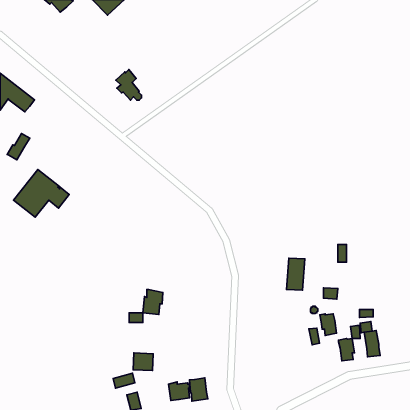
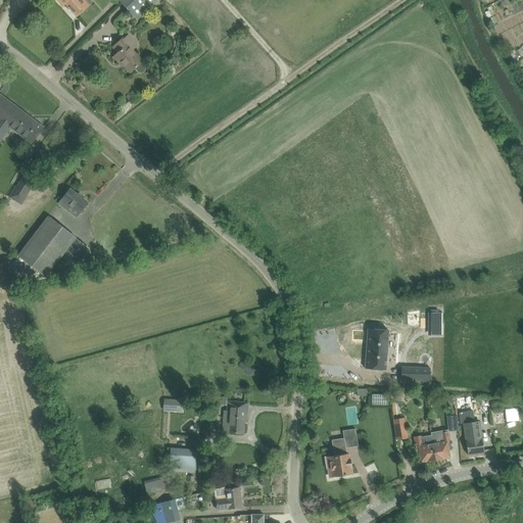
building: [116,70,142,100] -> [112,33,145,72]
building: none -> [59,188,88,216]
building: [143,289,163,314] -> [222,400,247,432]
building: [320,314,337,336] -> [414,434,435,462]
building: none -> [325,437,351,476]
building: [190,378,208,401] -> none

